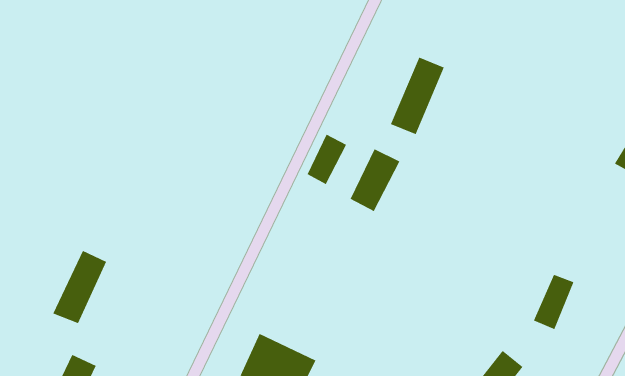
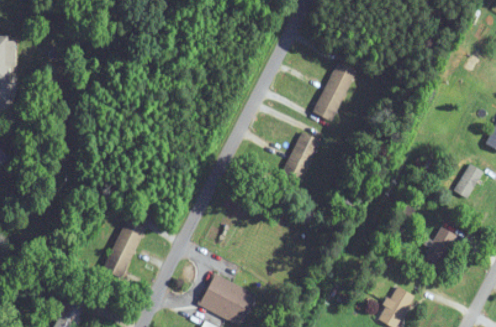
building: [307,134,347,185] -> none
building: none -> [454,165,483,199]
building: [52,250,107,324] -> [103,220,145,277]

